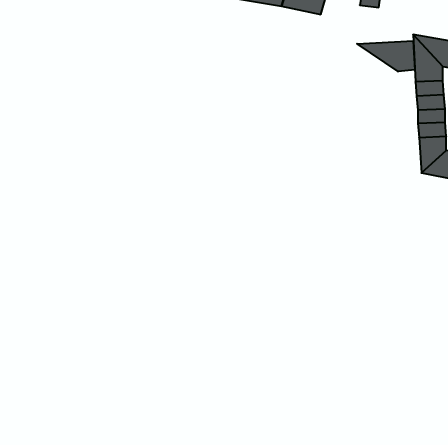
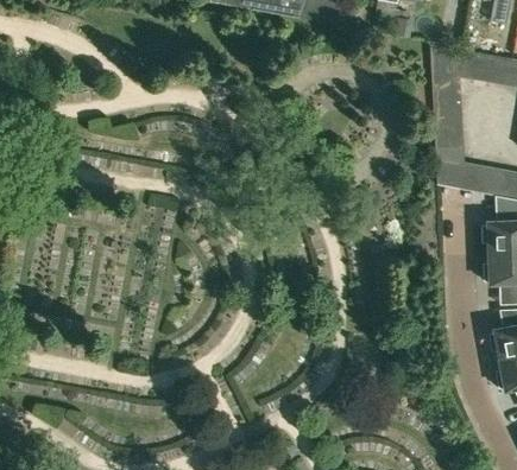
building: [357,41,415,72] -> none

